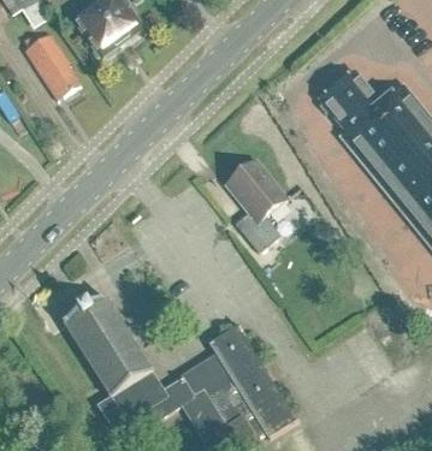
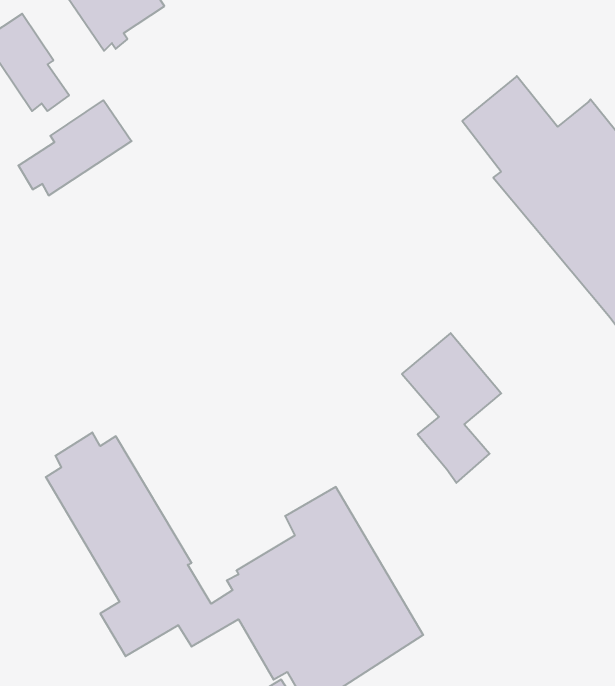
building: none -> [18,100,132,196]
building: [225,159,286,251] -> [402,333,501,483]

